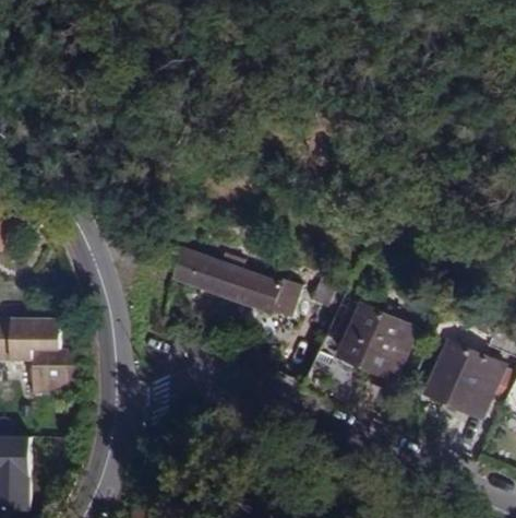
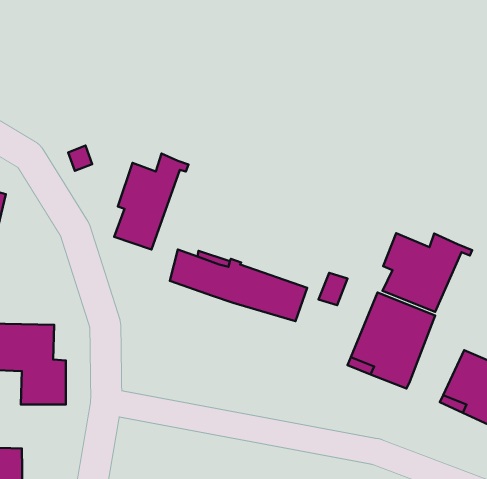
building: none -> [114,154,188,249]
building: none -> [382,233,472,312]

